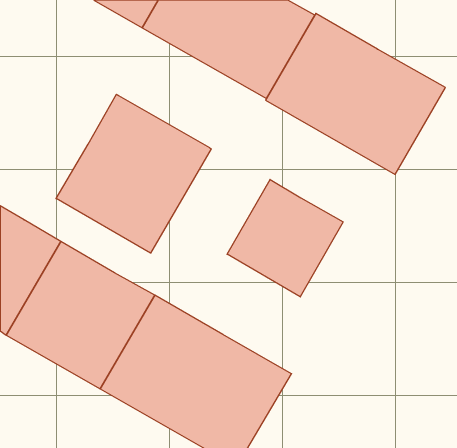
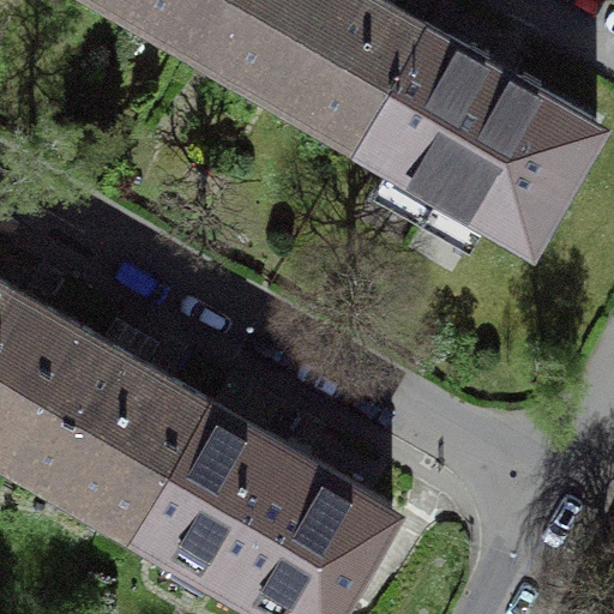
building: [56,94,211,253] -> none
building: [227,179,343,297] -> none

